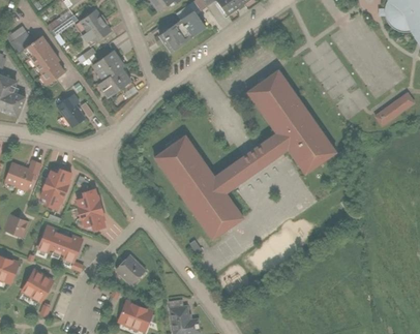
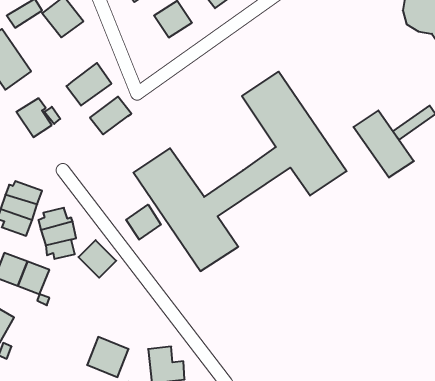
building: [155,23,186,54] -> none
building: [93,47,128,79] -> [90,97,131,134]
building: none -> [353,110,414,178]
building: none -> [126,205,161,240]
building: [117,251,149,283] -> [78,240,116,278]

